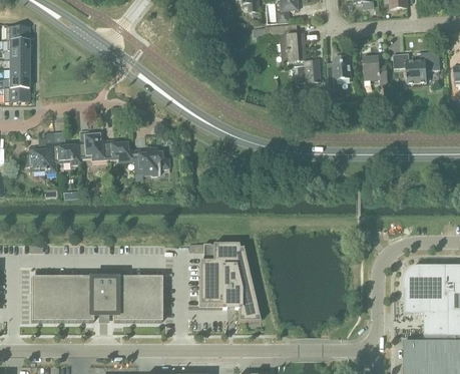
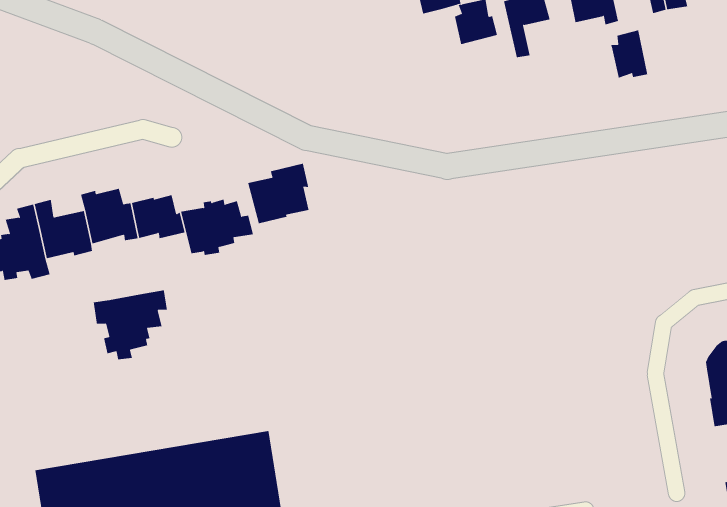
building: none -> [611,30,648,79]
building: none -> [248,163,309,224]
building: none -> [93,290,167,360]
building: [200,242,261,320] -> none

